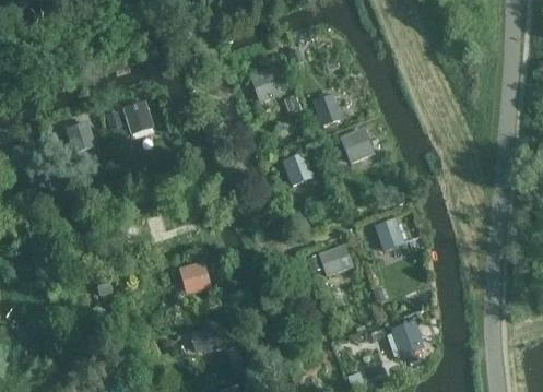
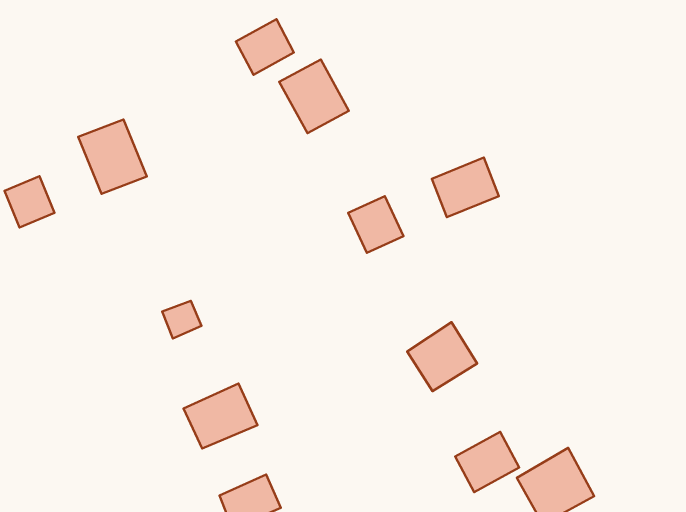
building: none -> [236,19,294,75]
building: [315,95,341,126] -> none
building: [375,217,405,251] -> none
building: none -> [455,432,519,492]

